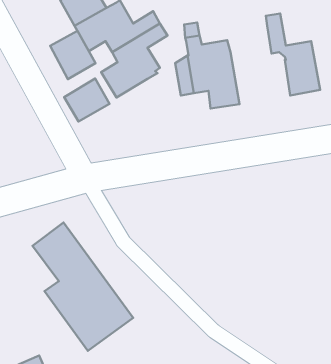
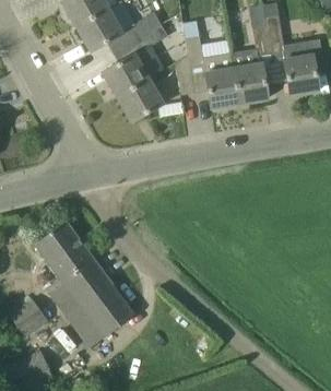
building: none -> [230,26,271,104]
building: [50,31,95,79] -> none
building: [64,78,110,122] -> [118,79,163,121]
building: none -> [10,299,48,336]

